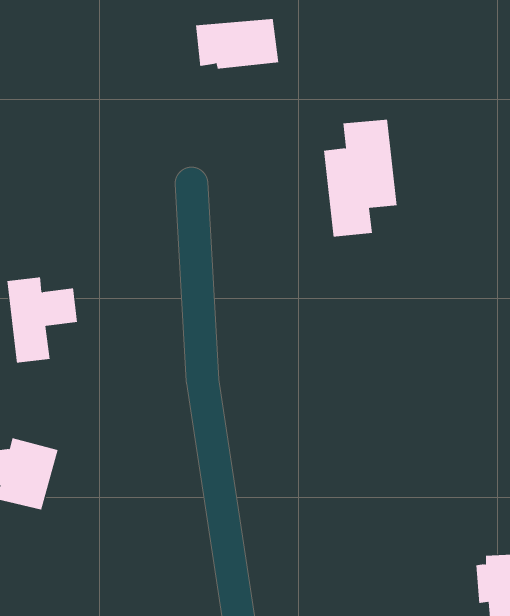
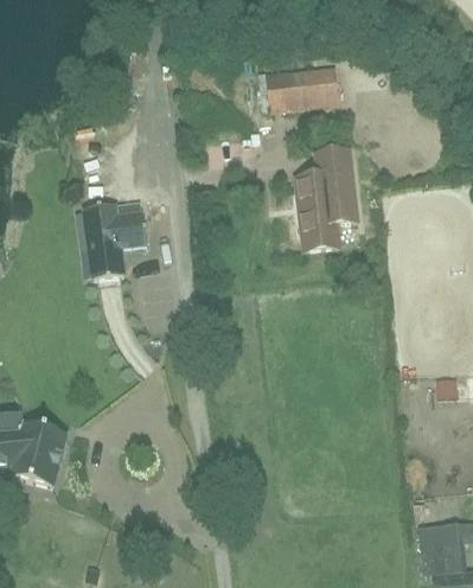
building: [195,18,279,69] -> [266,65,338,109]
building: [7,277,78,363] -> [84,202,146,276]

